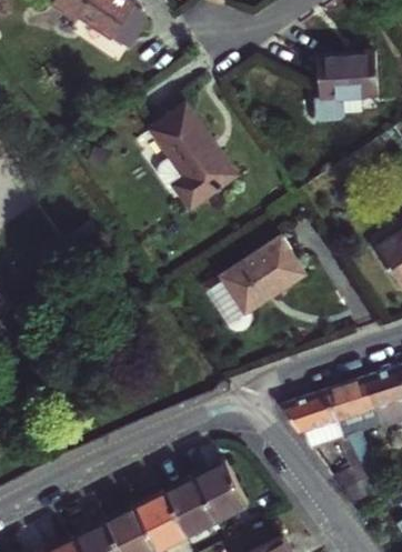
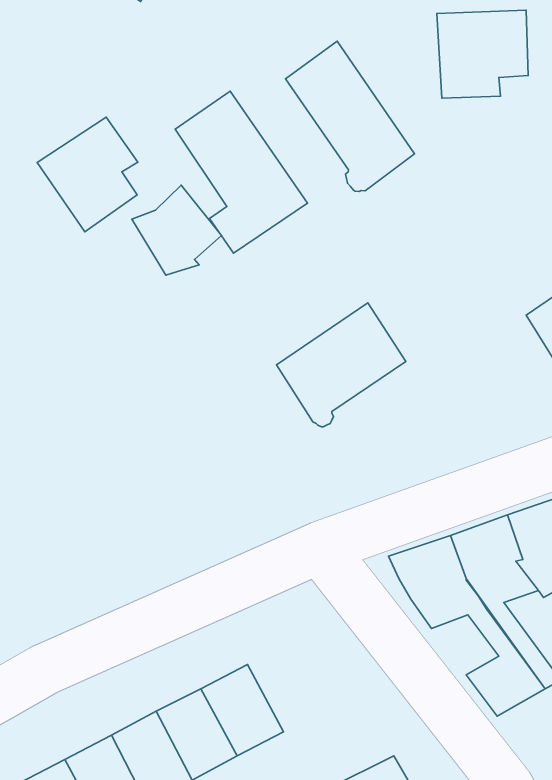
building: none -> [286,41,415,191]
building: none -> [37,117,138,232]
building: none -> [132,185,221,275]
building: [194,459,249,518] -> none

